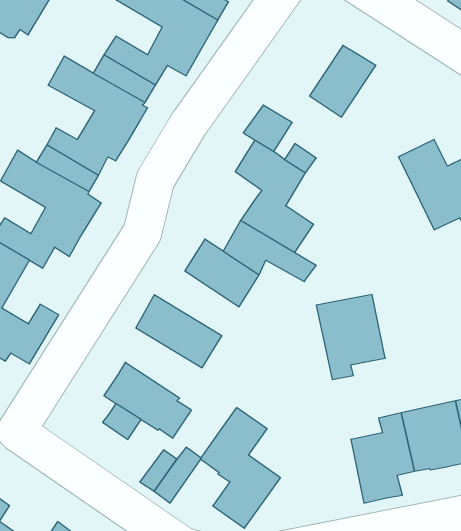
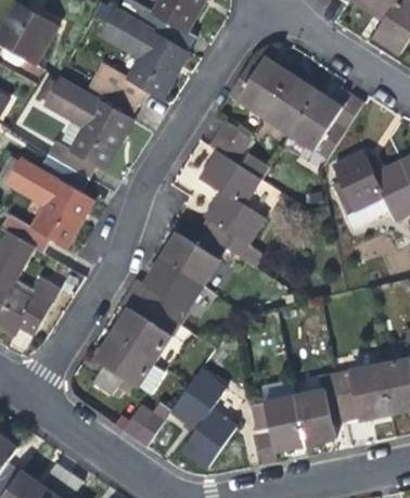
building: none -> [228,56,289,114]
building: none -> [287,89,363,157]
building: none -> [143,257,204,310]
building: [316,295,385,379] -> [249,395,306,464]
building: none -> [111,307,171,361]

